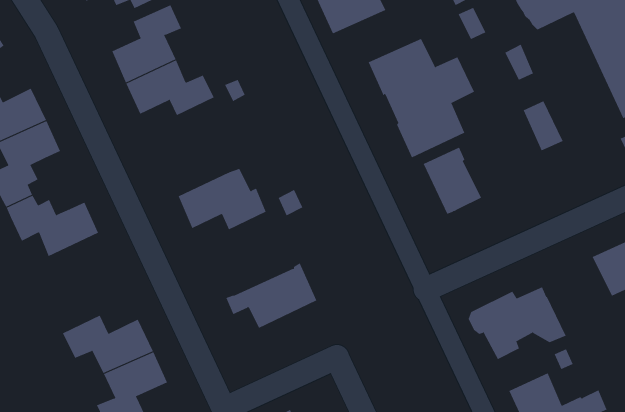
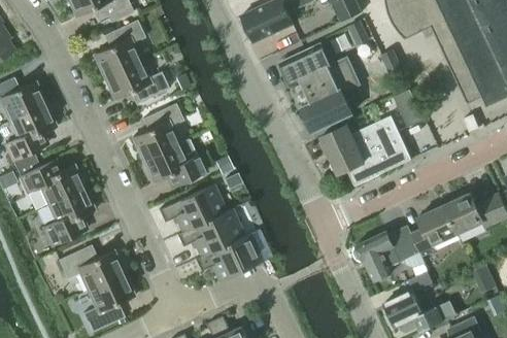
building: none -> [130,104,182,161]
building: none -> [347,116,411,185]
building: none -> [158,185,226,233]
building: none -> [42,188,94,246]
building: none -> [411,205,459,258]
building: none -> [194,230,272,282]

